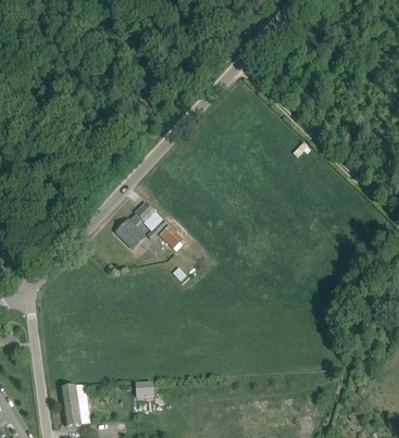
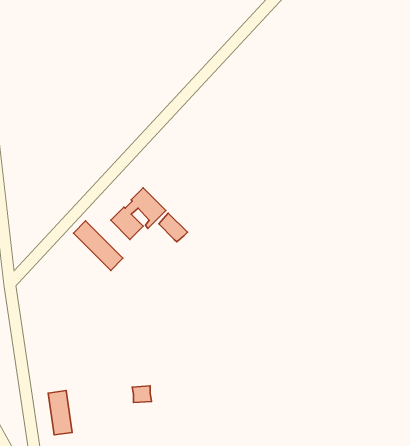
building: none -> [73,221,123,271]

